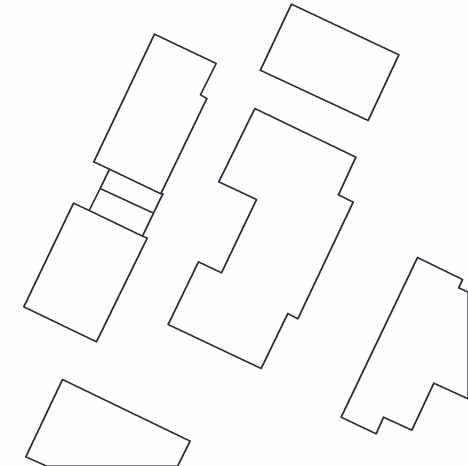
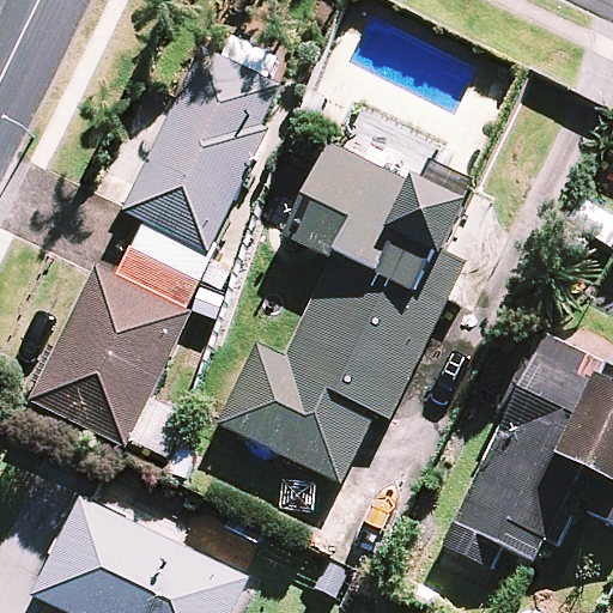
building: [260,4,399,121] -> none

